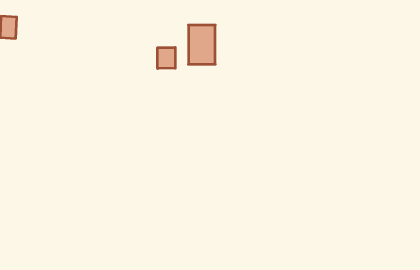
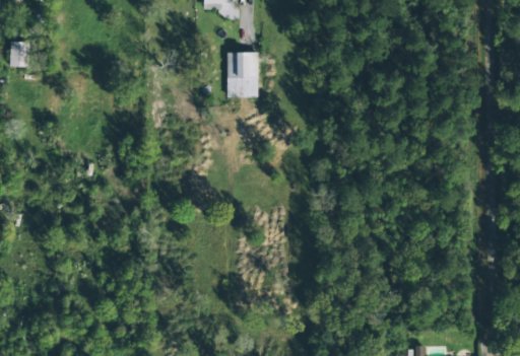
building: [158,47,175,69] -> none

